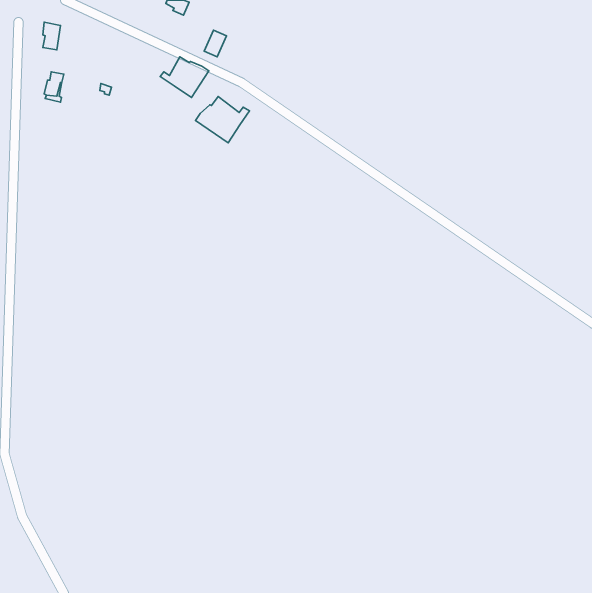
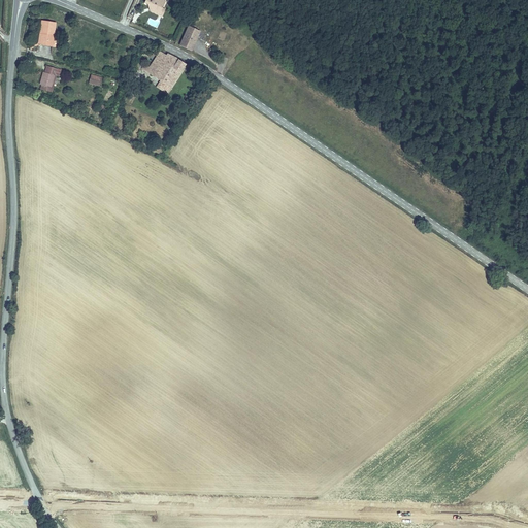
building: [195,97,249,143] -> none

